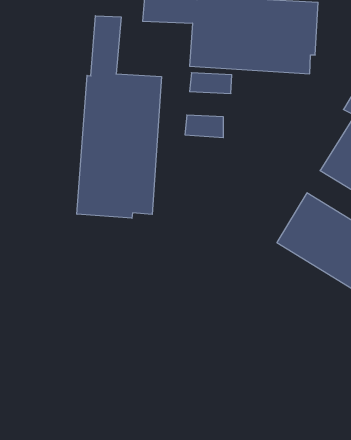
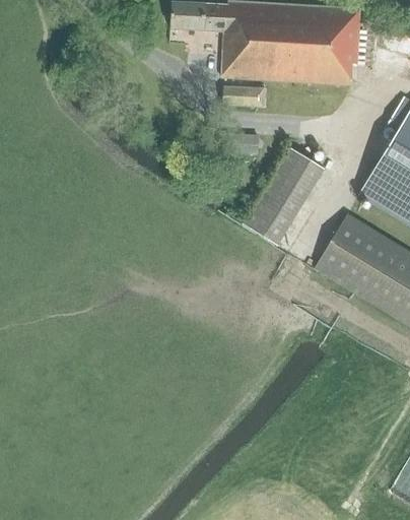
building: [77,16,161,218] -> none
building: none -> [240,145,324,246]

